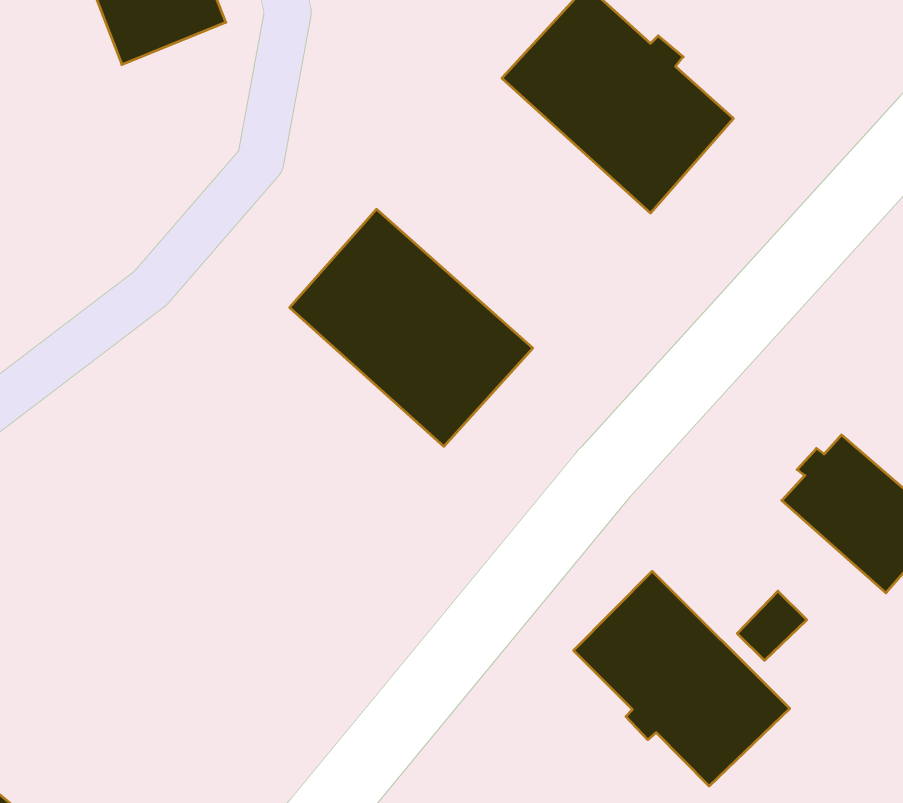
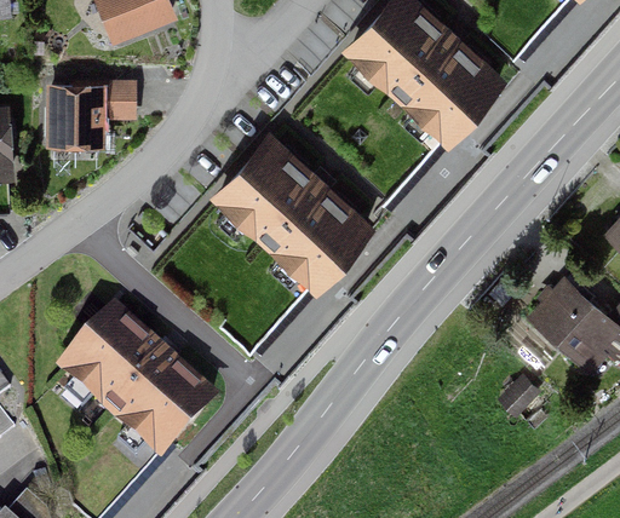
building: none -> [44,80,136,148]
building: none -> [62,312,212,459]
building: [574,571,790,786] -> none

